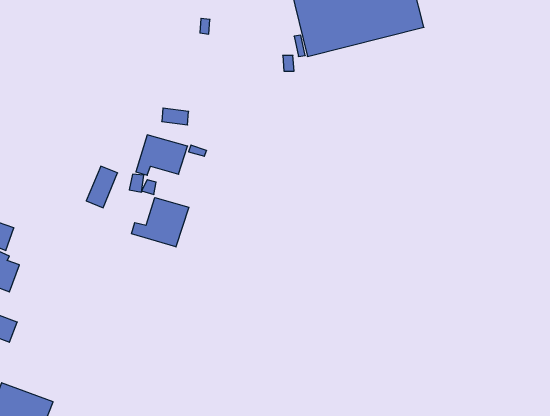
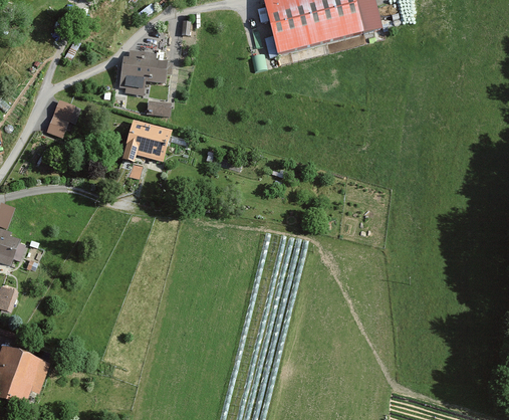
building: none -> [120,50,167,90]
building: [86,166,118,208] -> [46,98,74,136]
building: [131,198,189,247] -> none

